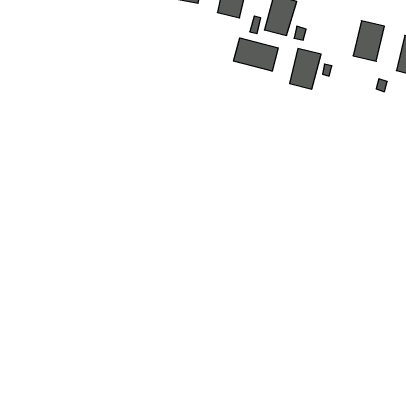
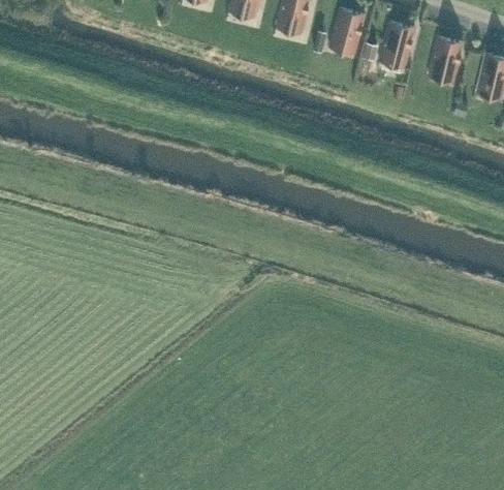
building: [234,38,278,71] -> none
building: [290,49,321,89] -> [378,22,413,67]

